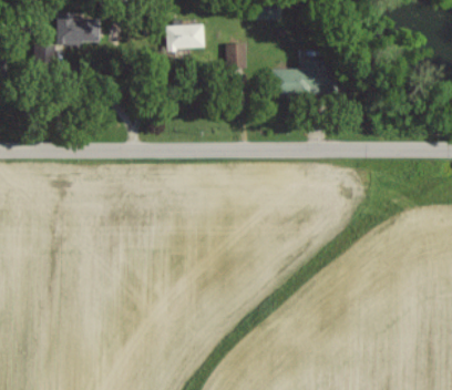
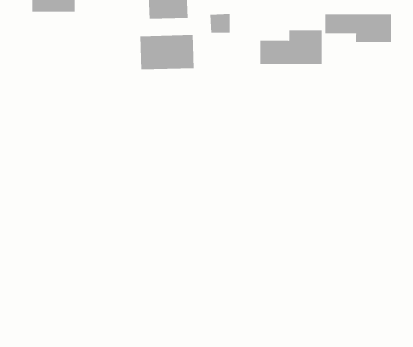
building: none -> [325,13,391,43]
building: none -> [140,34,194,70]

